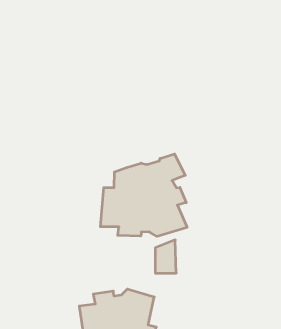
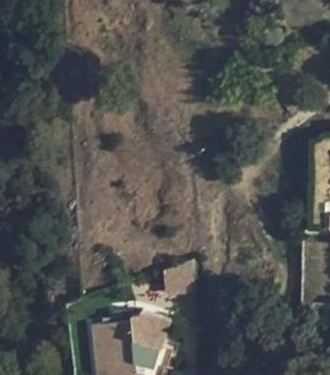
building: [100,154,187,236] -> none

